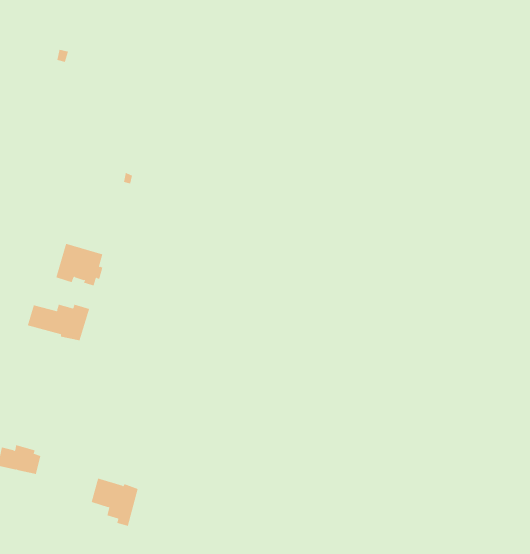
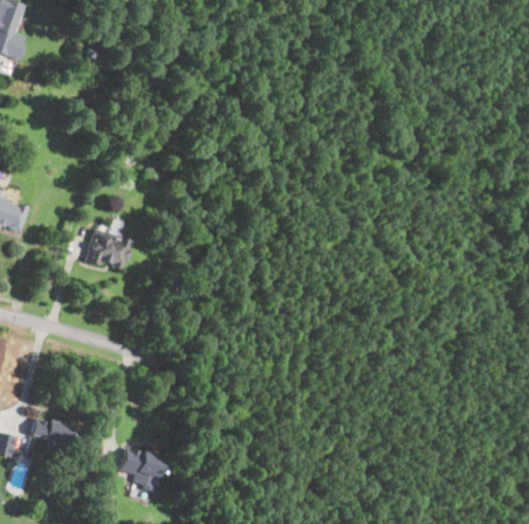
building: [27,304,90,341] -> none

